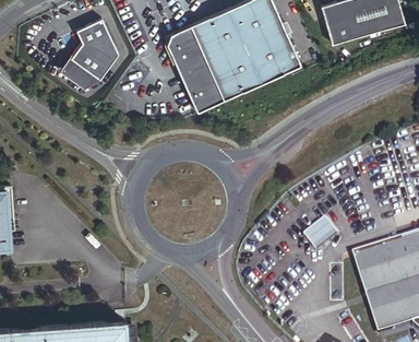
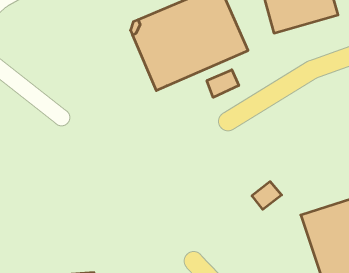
building: [67,20,117,89] -> none
building: none -> [207,70,239,97]

